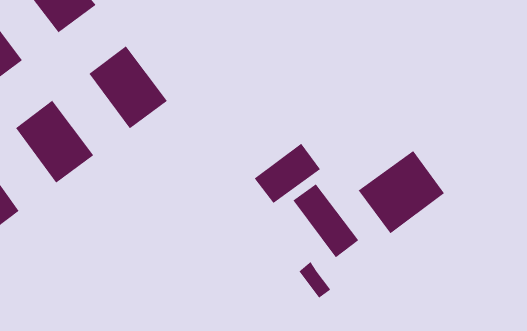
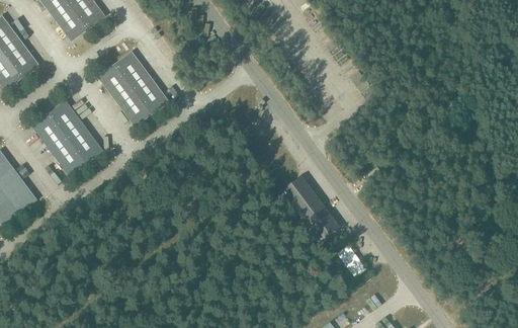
building: [254,143,321,204] -> none
building: [358,150,445,234] -> none
building: [298,261,331,299] -> [336,242,365,275]

